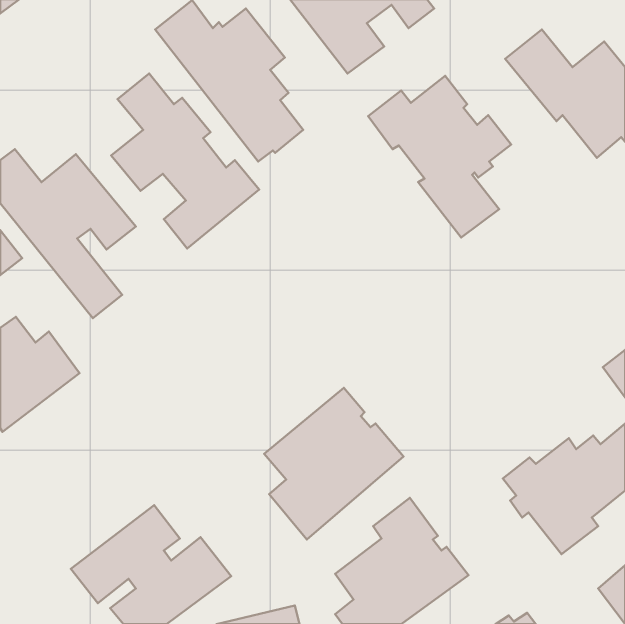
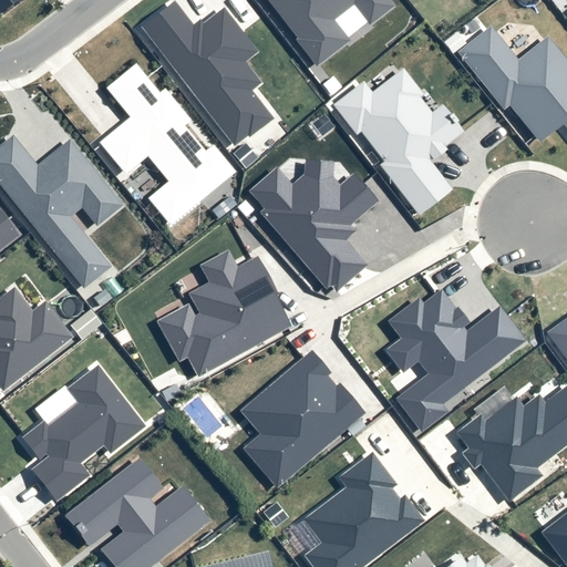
building: none -> [249,159,378,292]
building: none -> [155,249,293,377]
building: none -> [383,290,525,431]
building: none -> [22,364,145,498]

